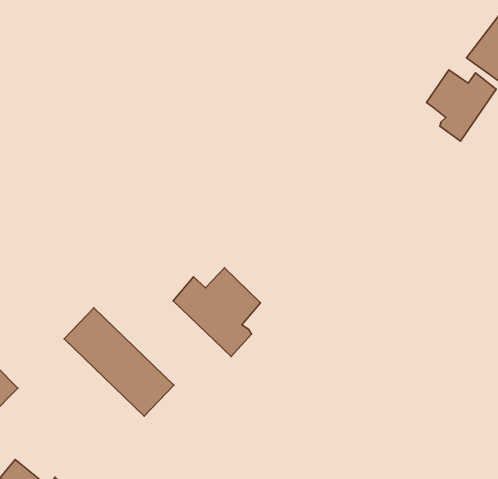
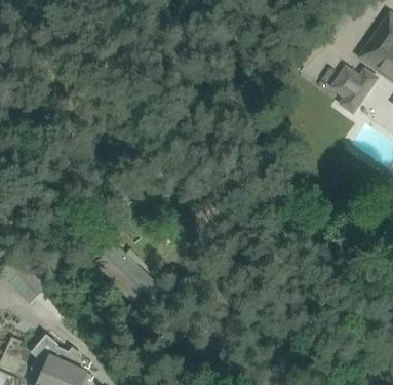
building: [173,268,261,357] -> none

